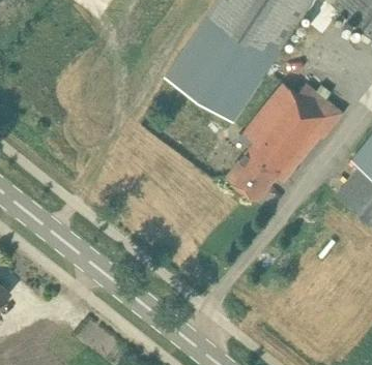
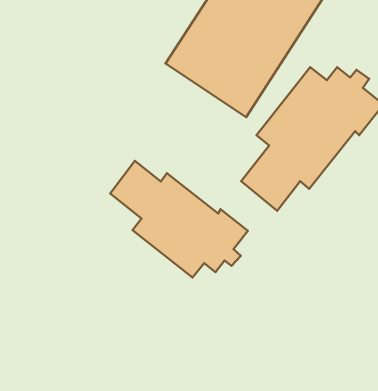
building: none -> [110,161,248,277]

